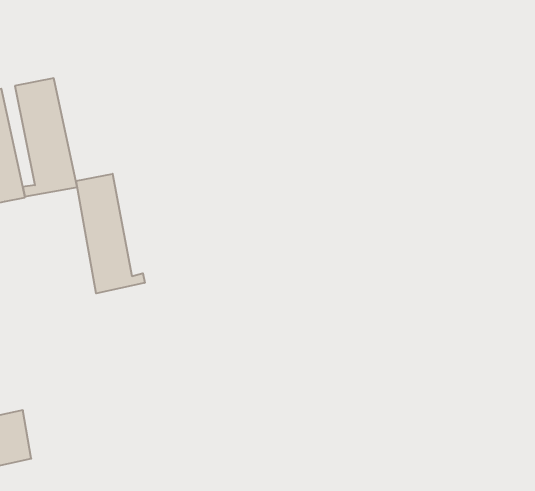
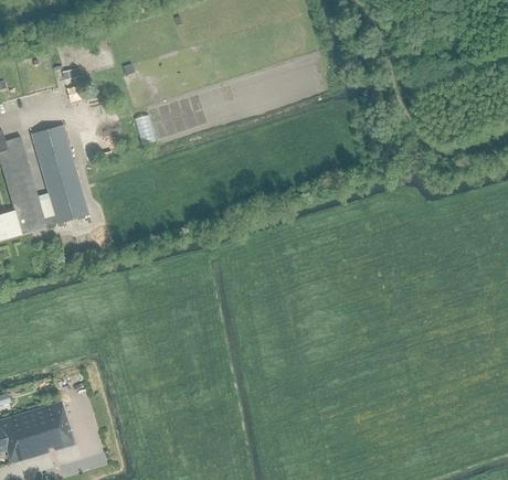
building: [76,174,145,293] -> none

